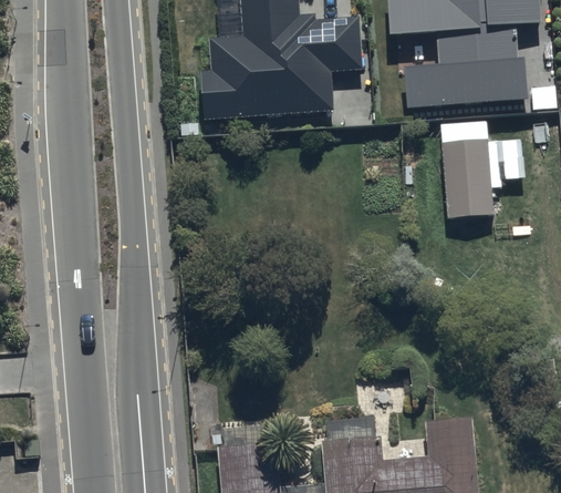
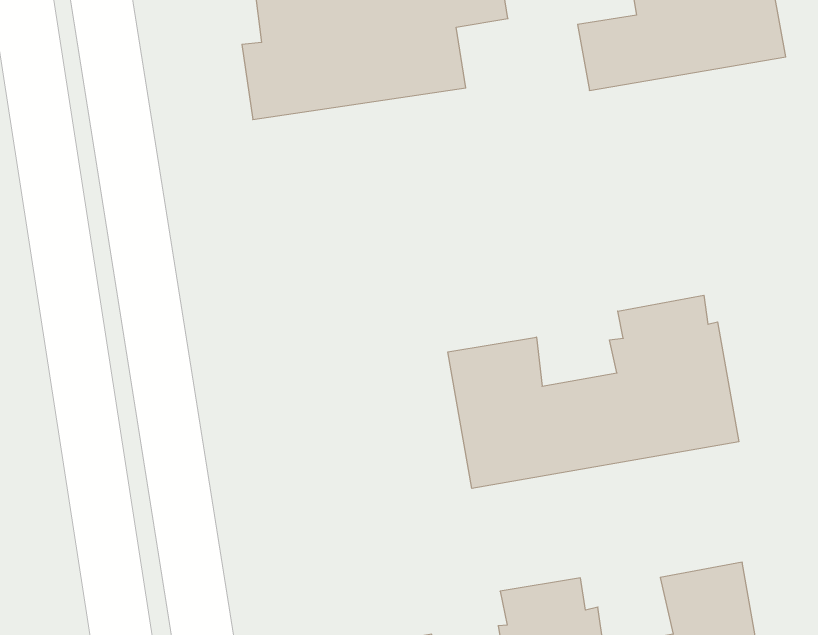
building: [439,122,523,214] -> none
building: none -> [448,295,739,488]

